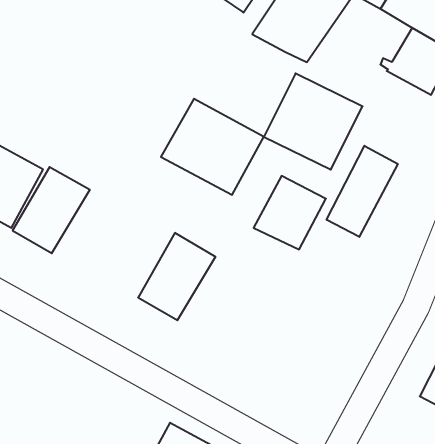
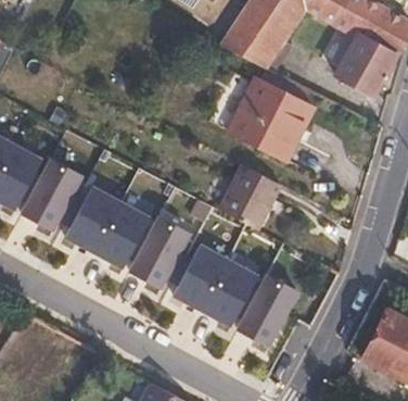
building: [161,99,264,195] -> [60,184,148,266]
building: [327,146,398,237] -> none
building: none -> [166,242,253,325]
building: none -> [230,274,295,349]

